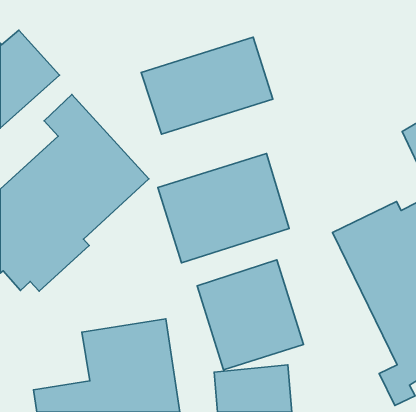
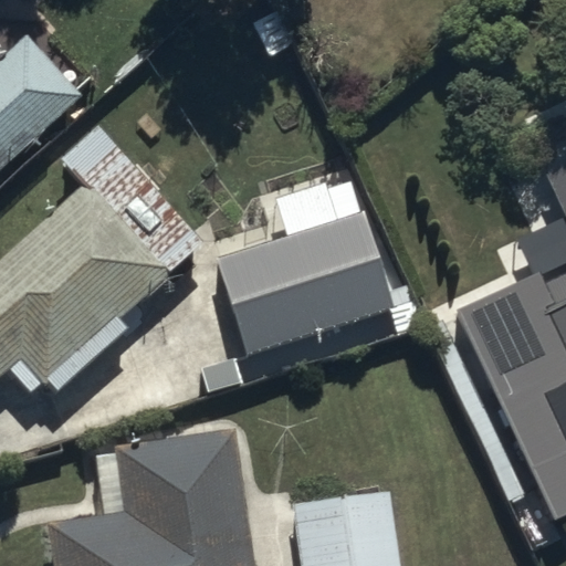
building: [141,37,273,134] -> none
building: [197,260,304,370] -> none

